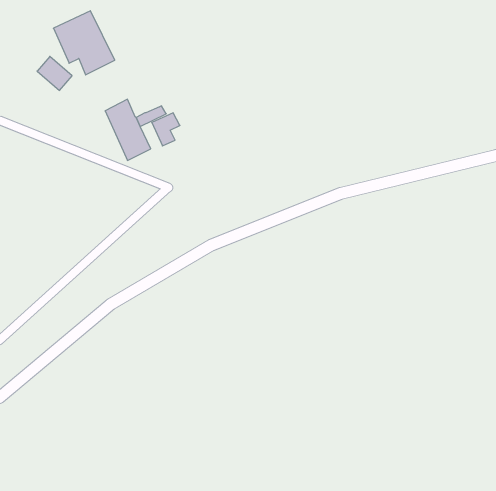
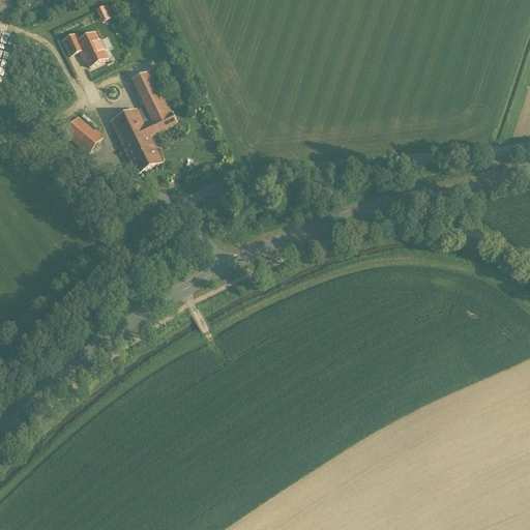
building: [37,56,72,90] -> [64,114,101,150]
building: none -> [135,71,170,120]

